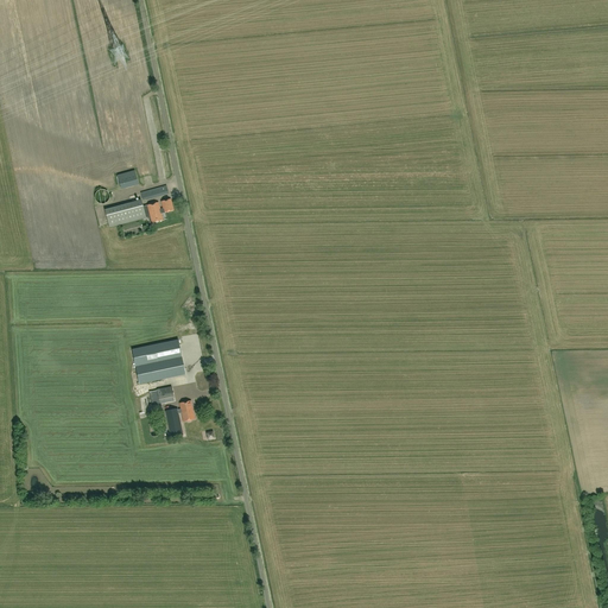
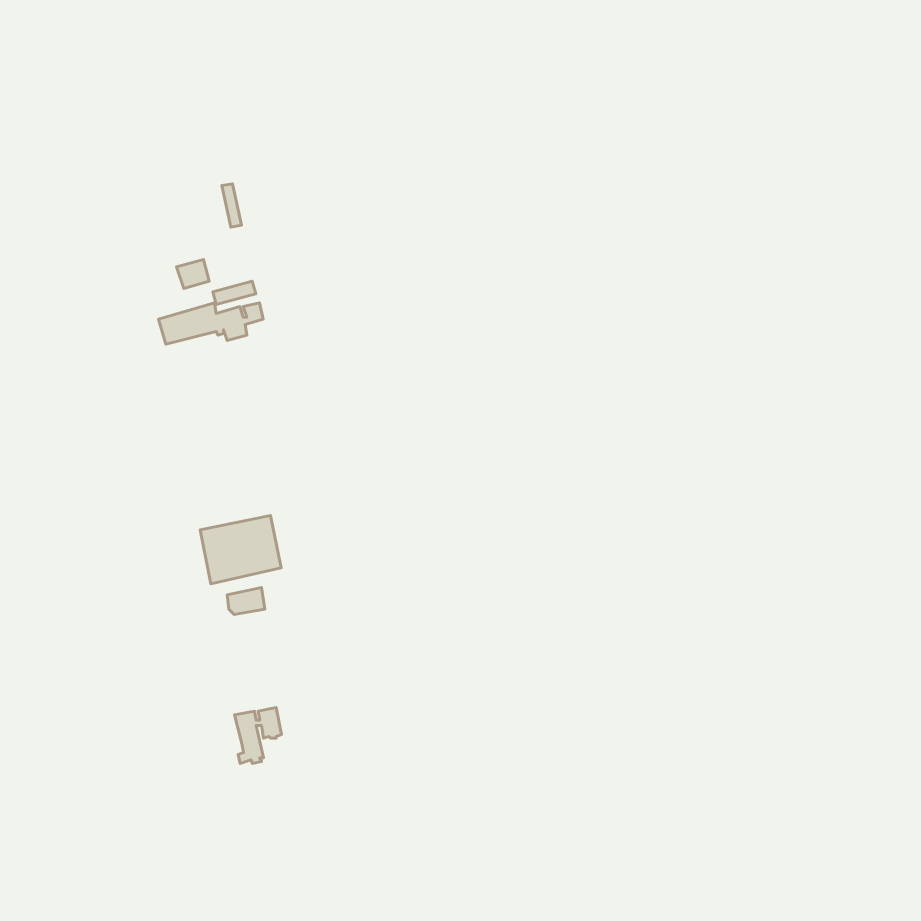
building: [164,401,195,438] -> [235,708,281,763]

